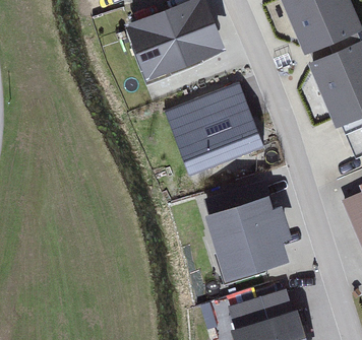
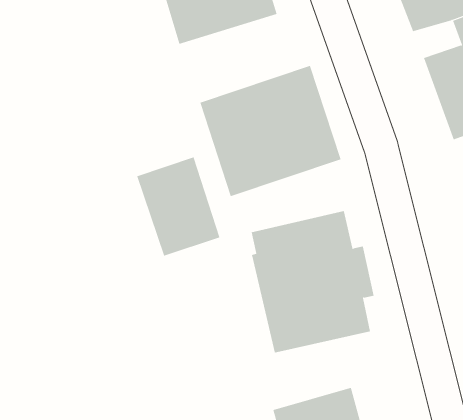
building: none -> [137,157,220,256]

